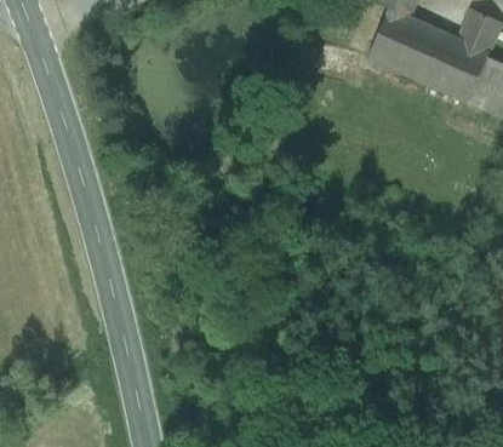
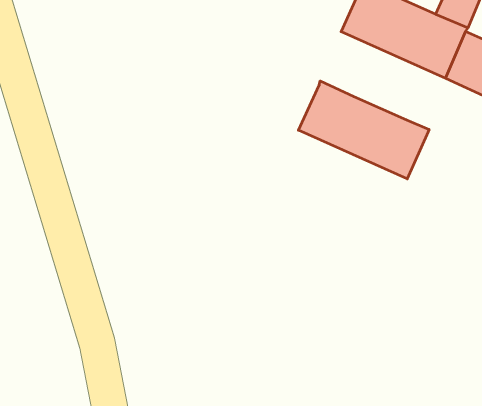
building: none -> [298,81,429,179]

